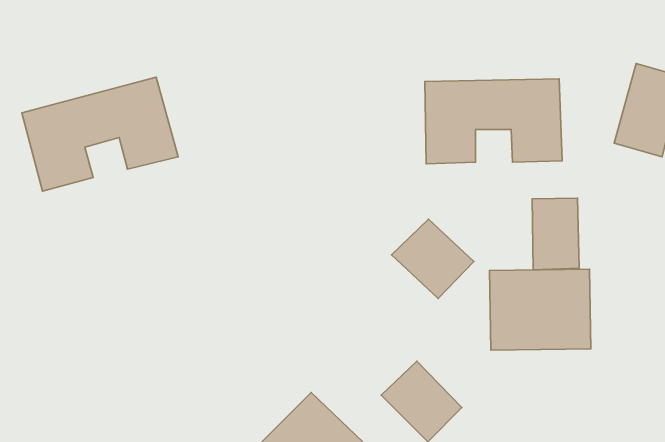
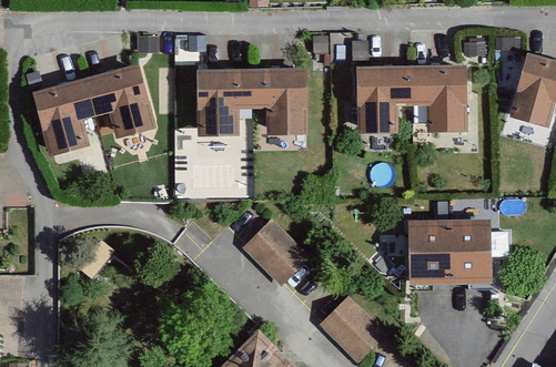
building: none -> [195,69,306,137]
building: [532,198,579,270] -> none
building: [392,219,474,299] -> [240,220,306,284]

